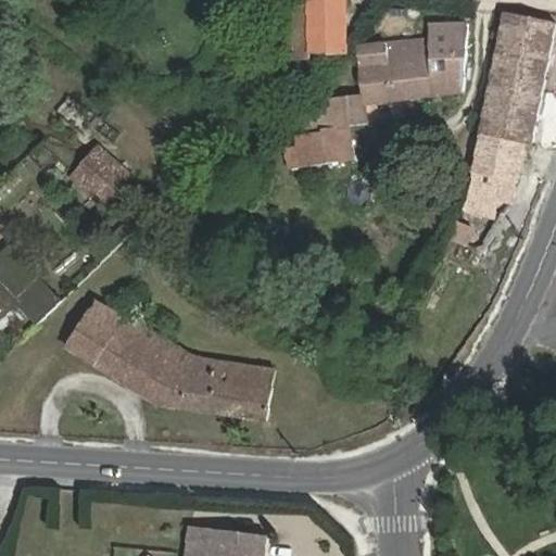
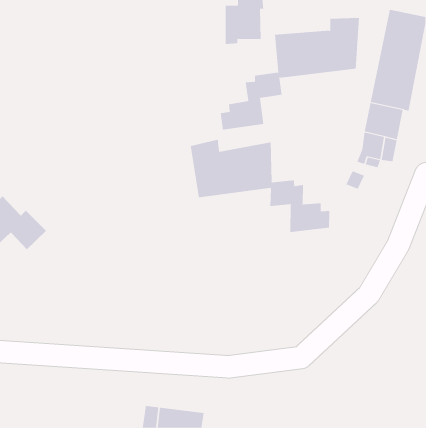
building: [66,141,130,204] -> none
building: none -> [190,139,330,233]
building: [64,301,274,420] -> none

